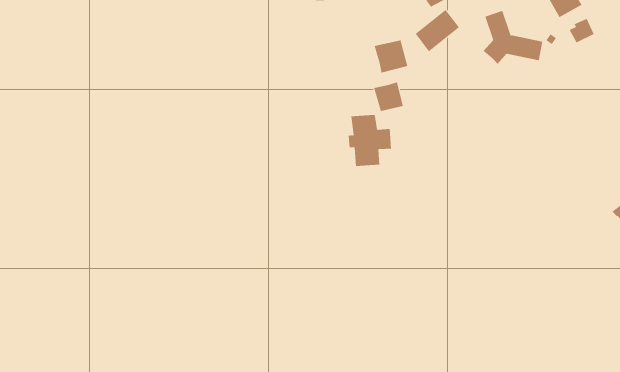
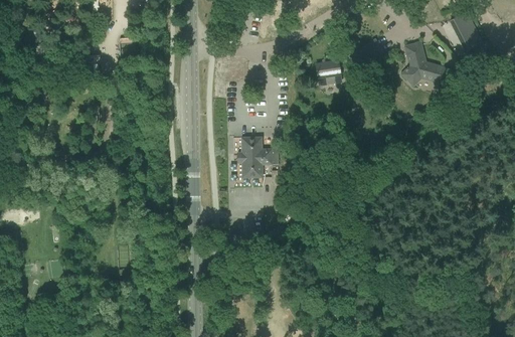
building: [373,82,403,112] -> none
building: [348,114,392,167] -> [238,136,273,176]

